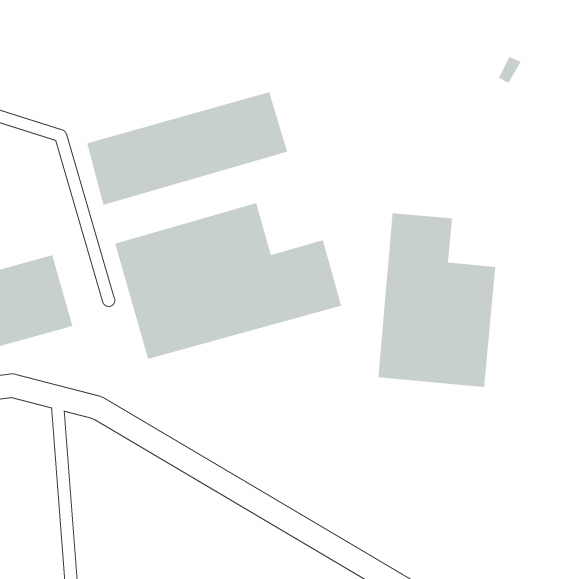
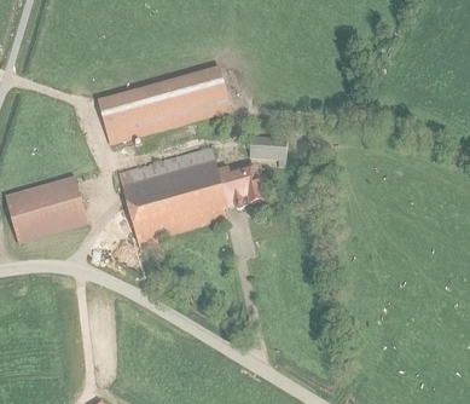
building: none -> [248,135,286,166]
building: [378,212,496,388] -> none

